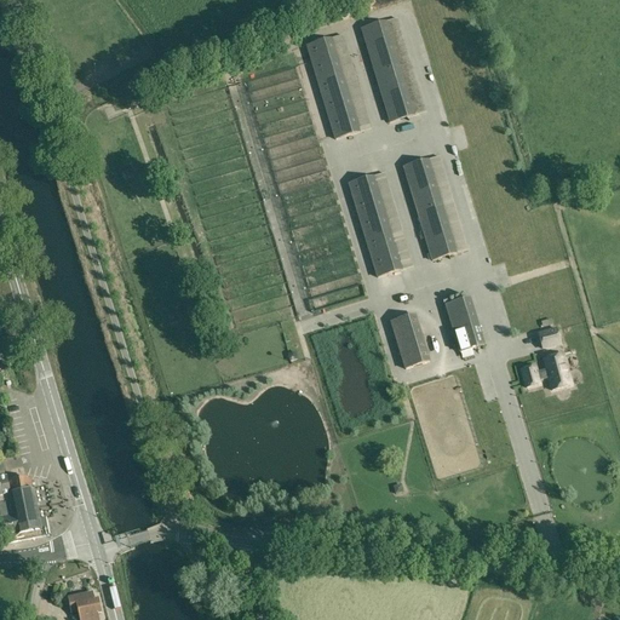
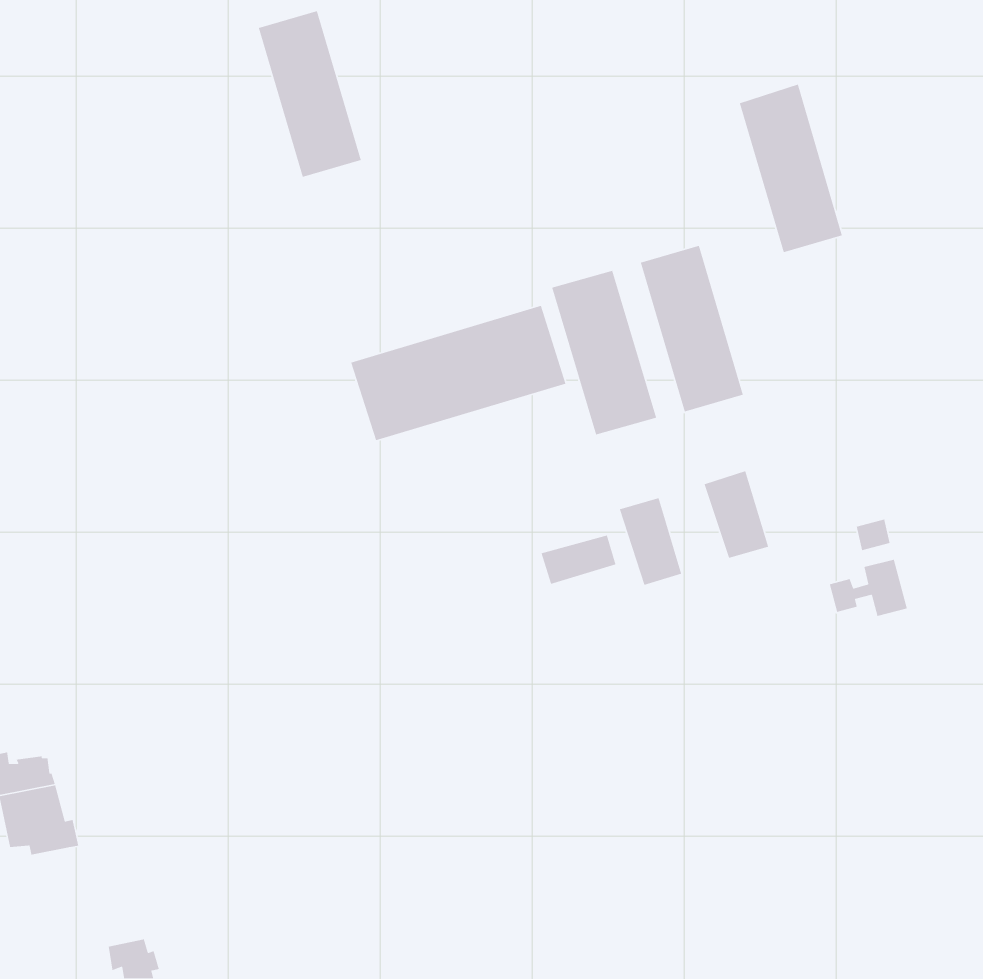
building: [361,13,426,120] -> [739,83,843,253]
building: [305,30,371,136] -> [258,10,362,178]
building: none -> [350,305,567,441]
building: none -> [541,534,617,585]

